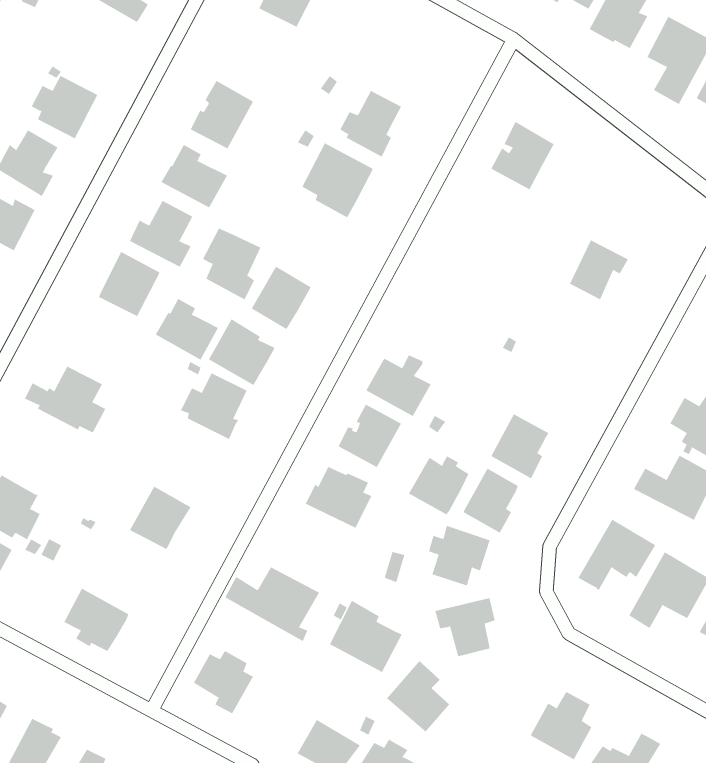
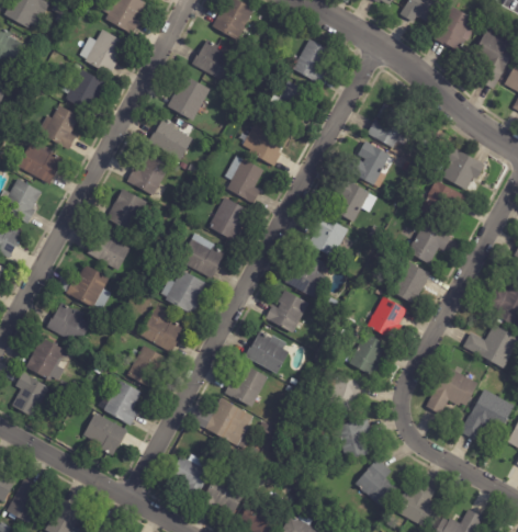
building: none -> [78,31,126,77]
building: none -> [292,37,329,82]
building: none -> [191,39,235,81]
building: none -> [349,140,390,186]
building: none -> [441,147,484,190]
building: [202,228,261,300] -> [224,155,263,203]
building: none -> [327,178,369,220]
building: none -> [308,214,347,257]
building: [155,298,219,361] -> [87,228,130,270]
building: none -> [407,222,450,264]
building: none -> [390,258,430,303]
building: none -> [45,303,90,344]
building: none -> [139,305,182,353]
building: [408,456,469,515] -> none
building: none -> [224,365,267,407]
building: none -> [97,381,140,425]
building: [329,600,402,673] -> none
building: [386,660,450,733] -> [354,459,397,507]
building: none -> [201,468,245,513]

